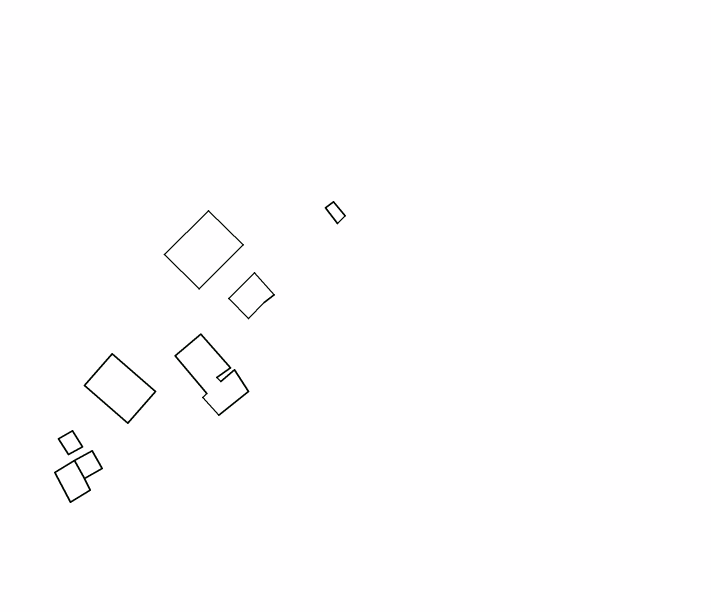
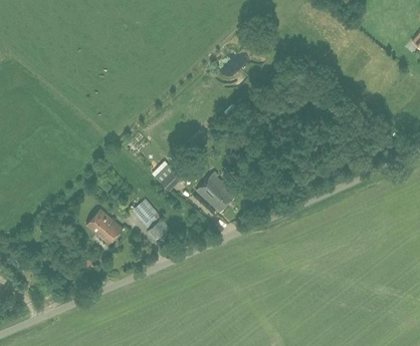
building: [165,211,243,289] -> none
building: none -> [197,172,236,212]

